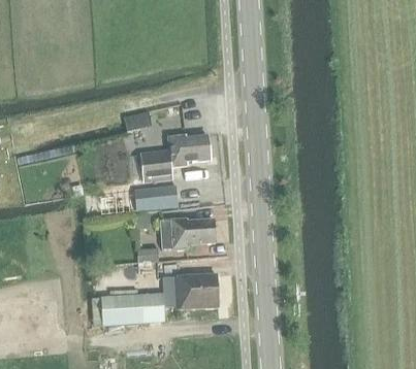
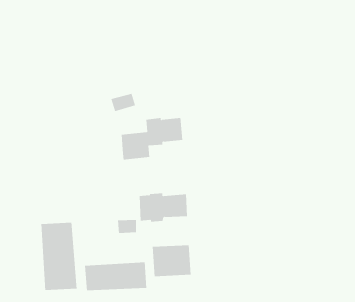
building: [134,184,178,210] -> none
building: none -> [41,222,77,291]

